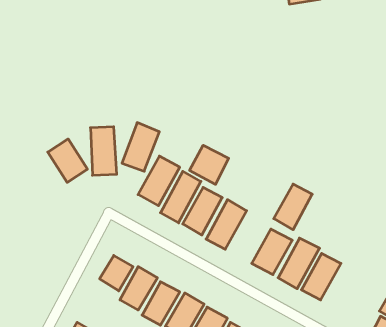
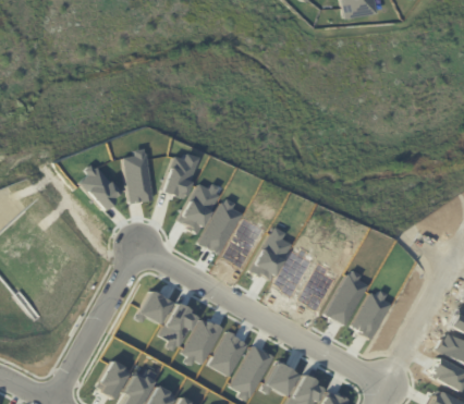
building: [190,145,229,184] -> none
building: [274,184,312,230] -> [277,245,318,294]

